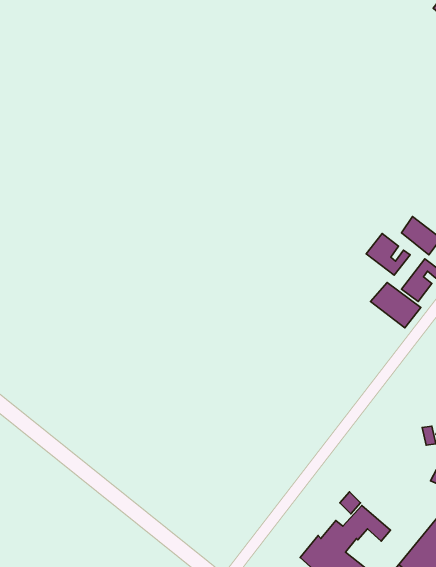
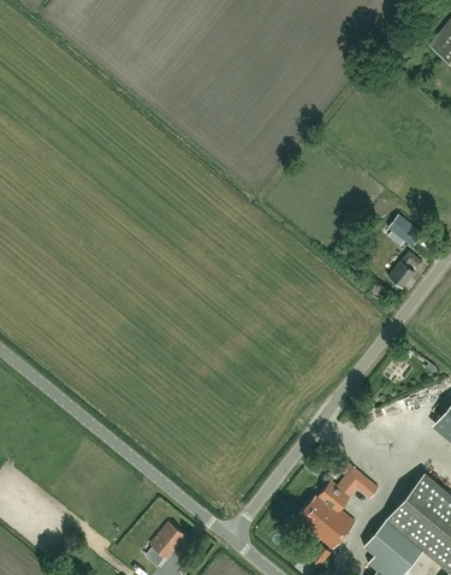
building: [366,234,410,275] -> none
building: [371,283,421,328] -> none

